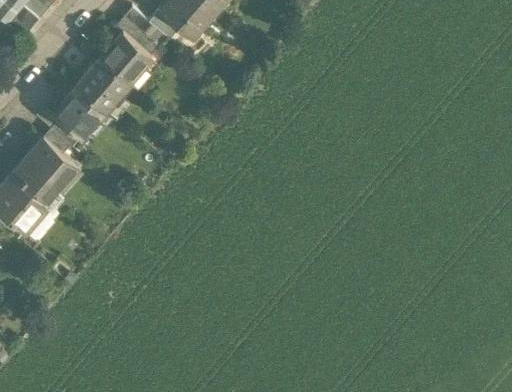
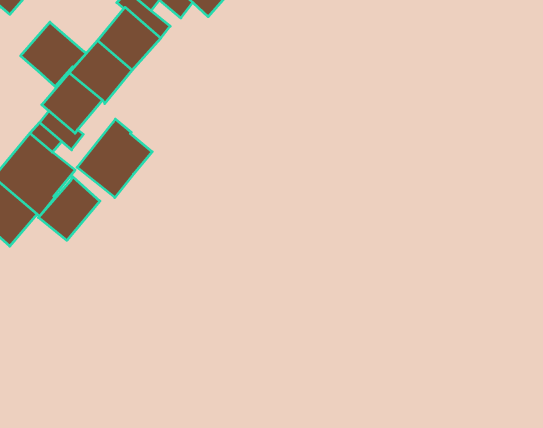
building: none -> [21,22,86,86]
building: none -> [77,119,152,198]
building: none -> [38,177,100,240]

